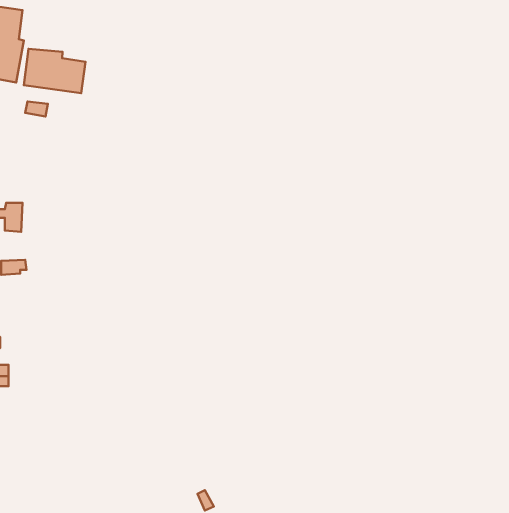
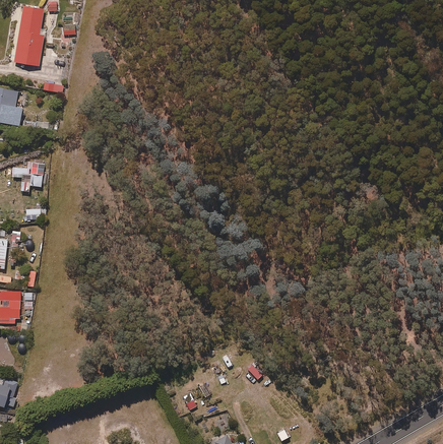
building: [24,49,85,93] -> none

